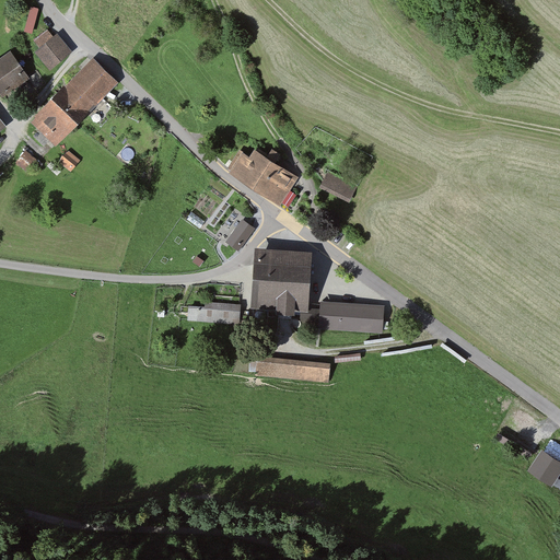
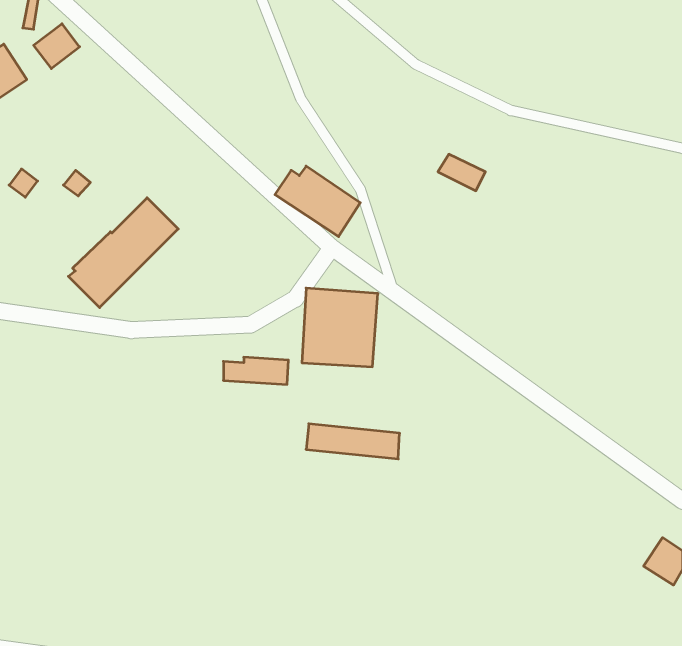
building: [30,57,118,145] -> [68,198,178,308]
building: [318,173,357,202] -> [438,154,485,191]
building: [224,219,255,252] -> none
building: [317,300,384,334] -> none

